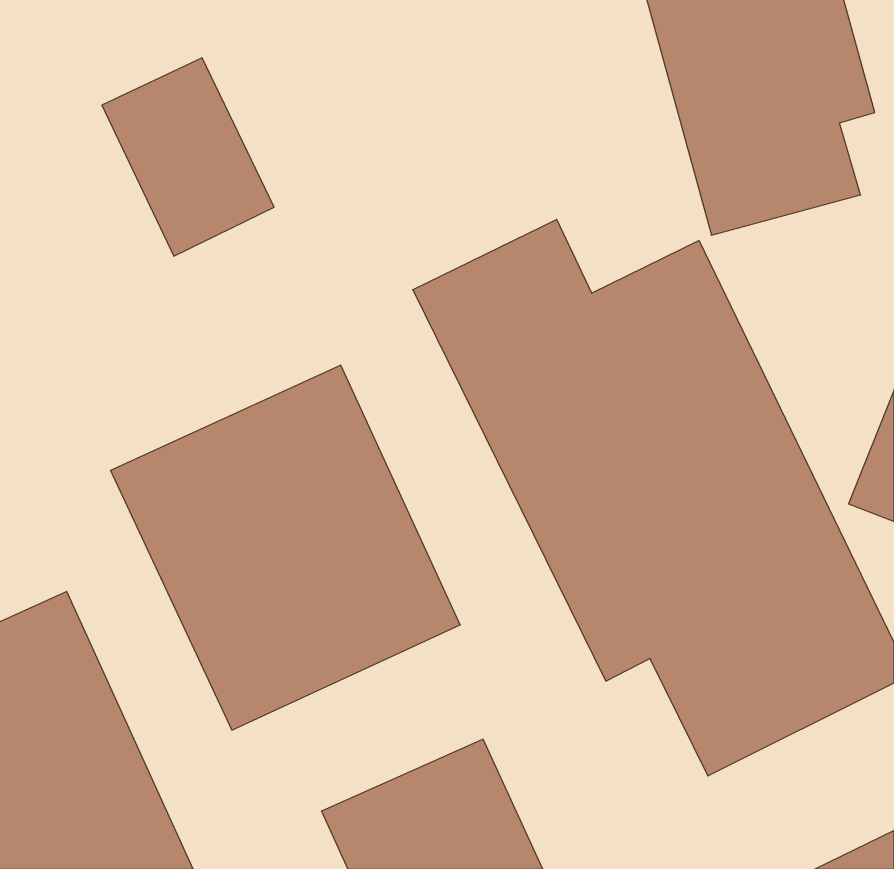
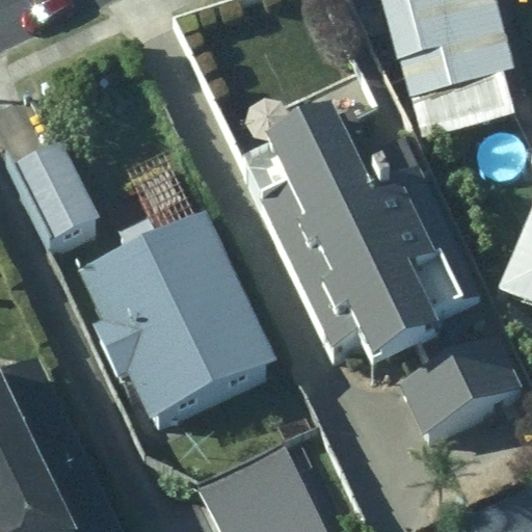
building: [102,58,274,256] -> [6,136,108,254]

